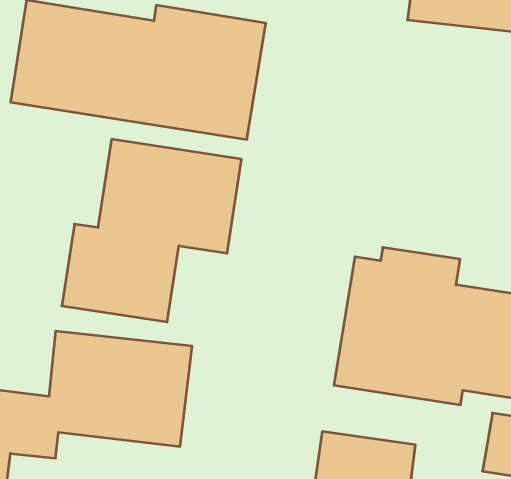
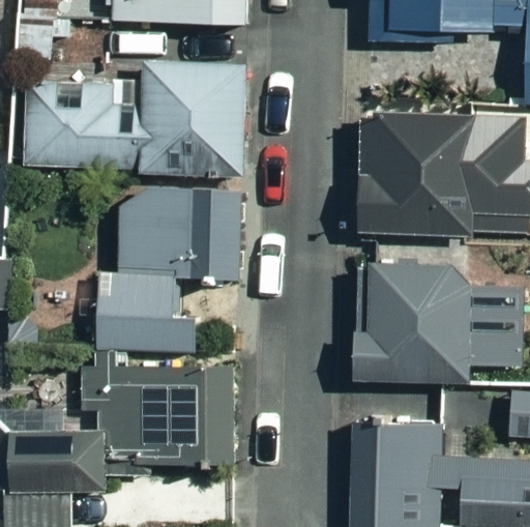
building: none -> [358,120,469,233]

